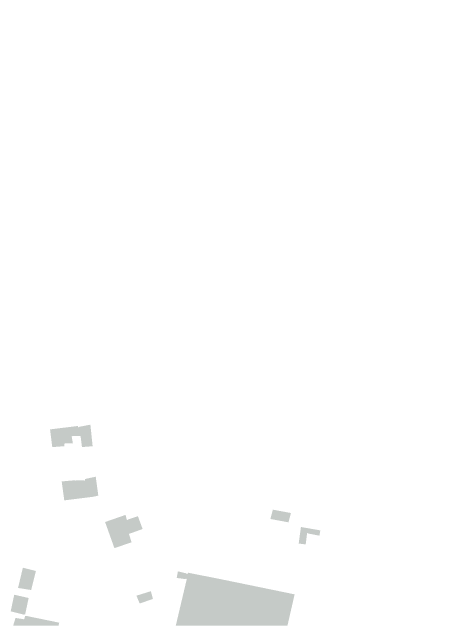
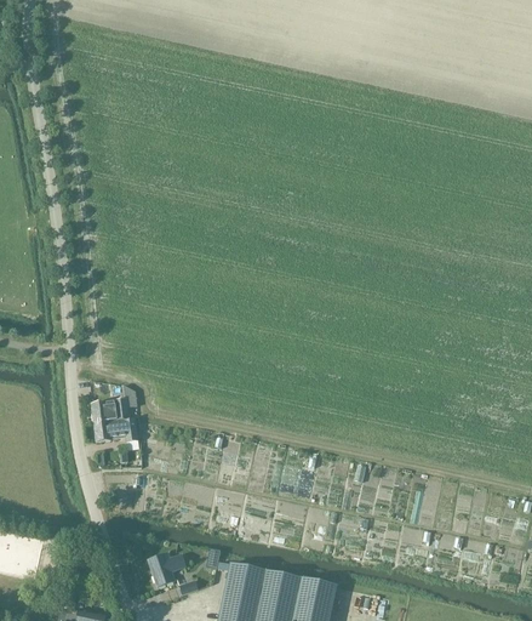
building: [61,476,99,501] -> [92,399,130,423]
building: [104,514,143,549] -> [148,553,187,587]

